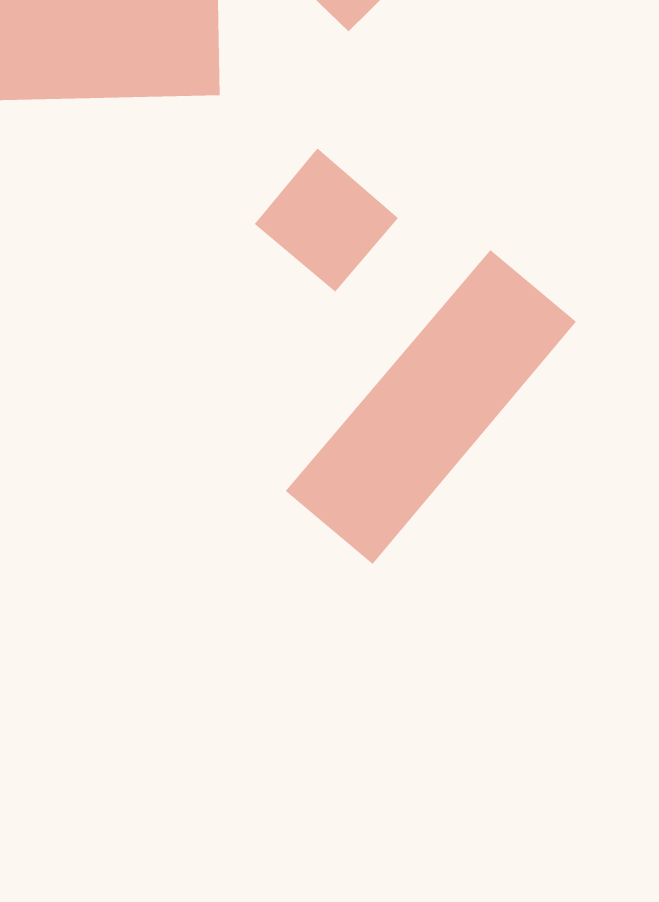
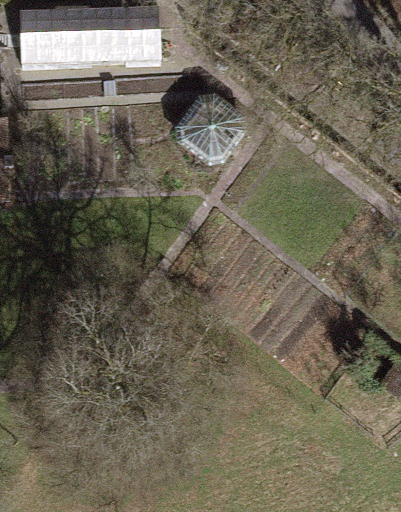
building: [285,249,577,565] -> none

